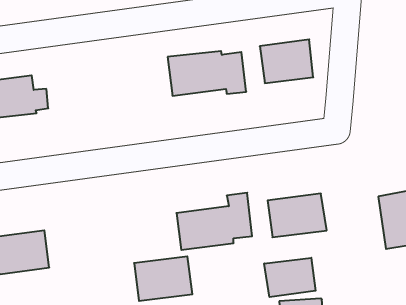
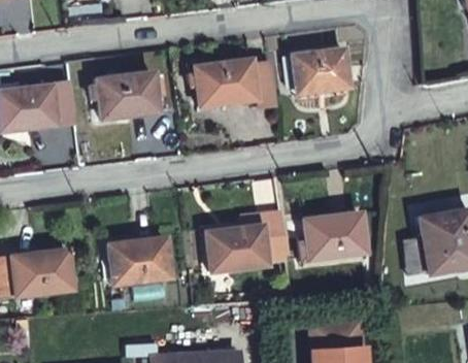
building: none -> [96,72,168,120]
building: [134,256,192,301] -> [105,237,167,285]
building: [264,258,316,297] -> none

